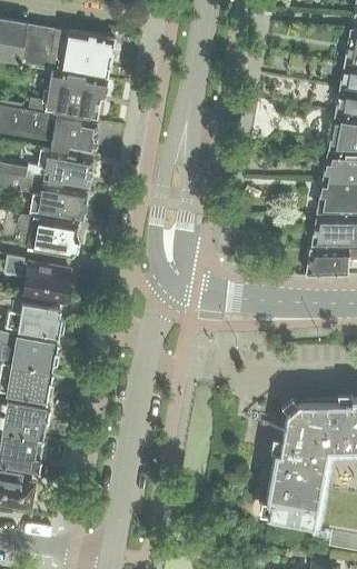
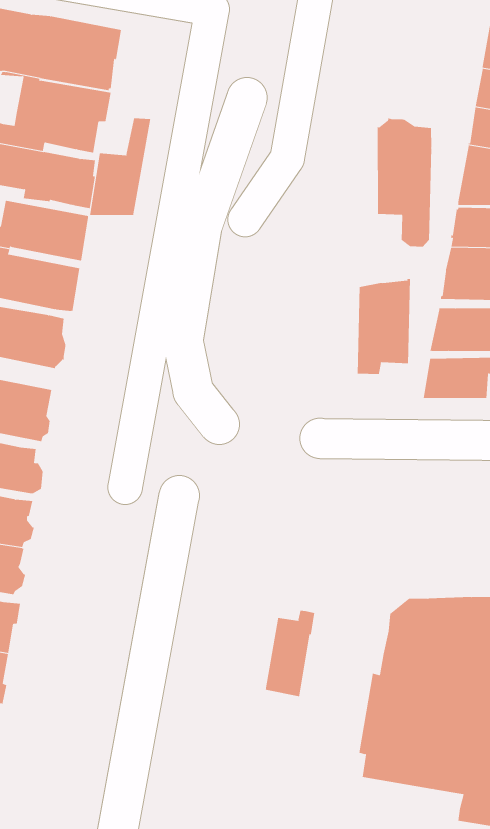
building: none -> [377,118,432,248]
building: none -> [89,118,151,216]
building: none -> [357,278,410,375]
building: none -> [265,610,315,697]

